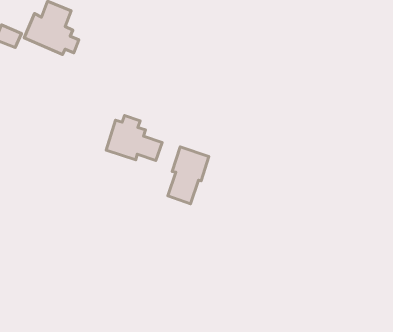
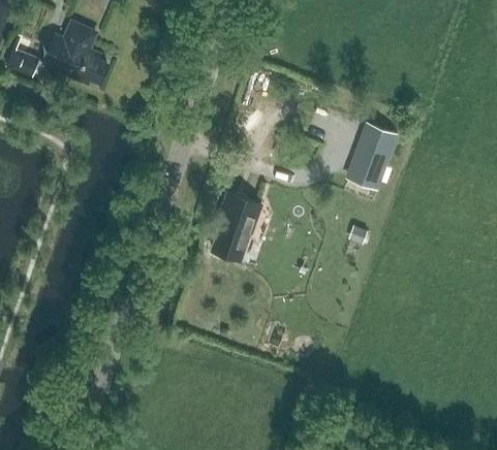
building: none -> [351,123,399,183]
building: [106,116,162,161] -> none

